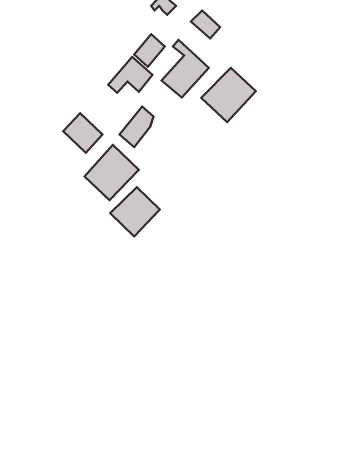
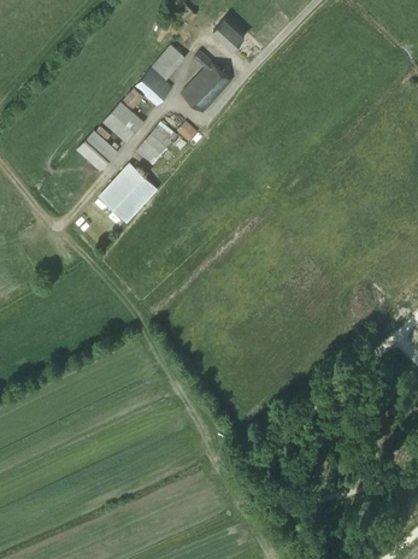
building: [201,68,256,122] -> none
building: none -> [102,102,143,142]
building: [110,187,160,236] -> none

